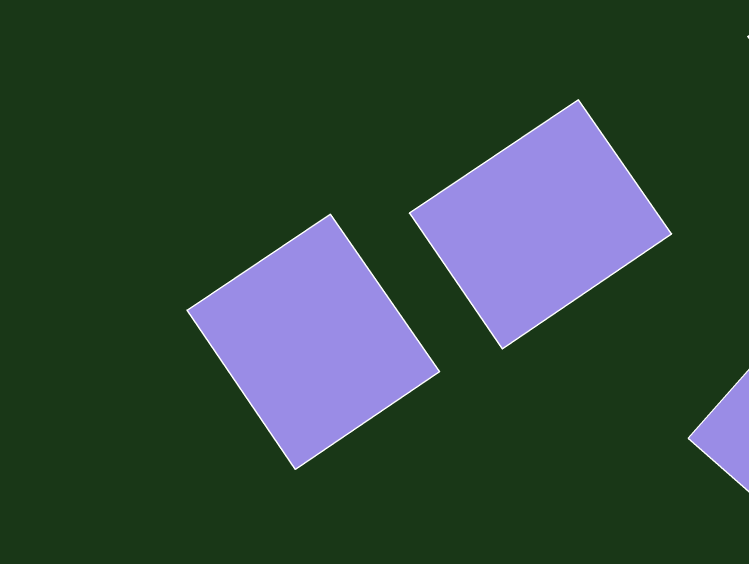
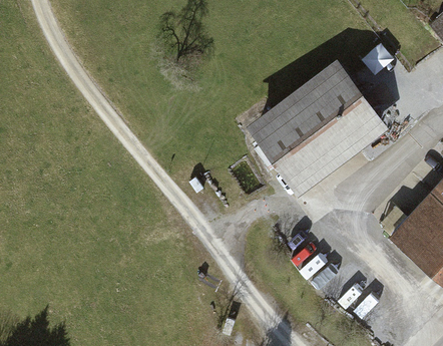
building: [187,214,440,469] -> none

